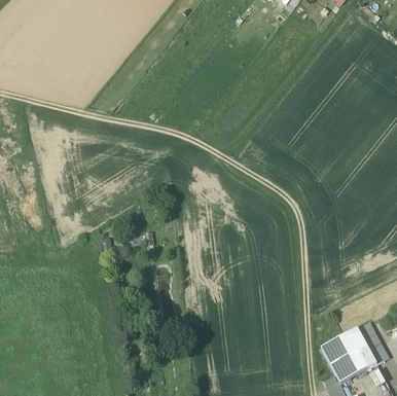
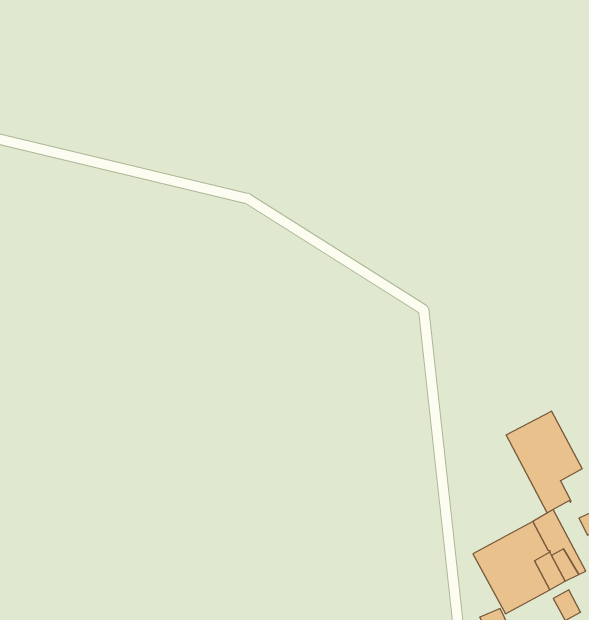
building: none -> [506,411,582,513]

